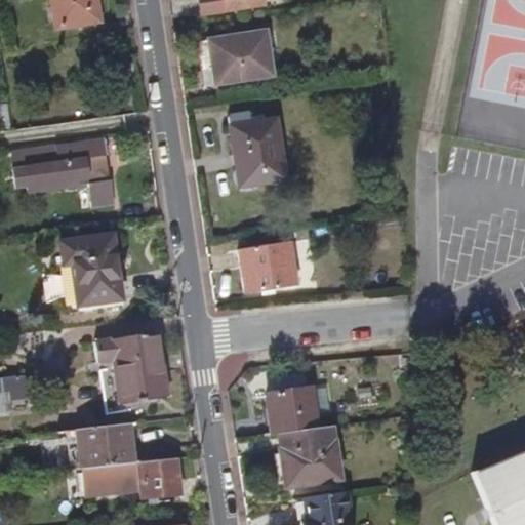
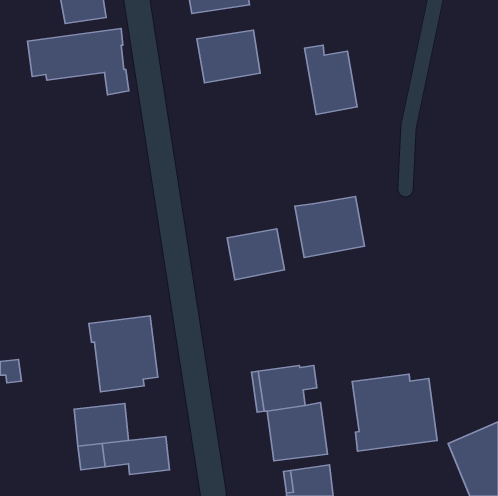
building: [231,114,286,187] -> [305,45,357,114]
building: [12,133,119,203] -> [27,29,129,95]
building: none -> [295,197,364,258]
building: [66,237,124,307] -> none
building: none -> [352,374,437,451]

